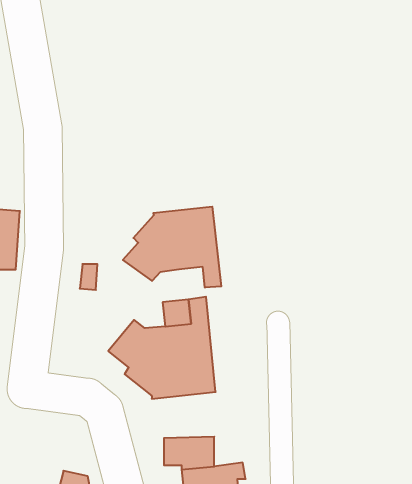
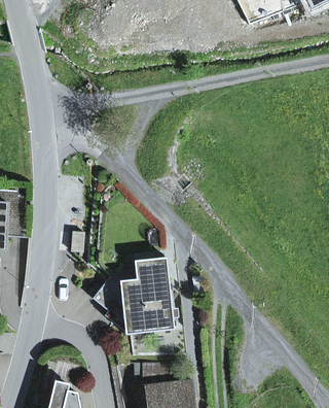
building: [123,207,221,288] -> none

